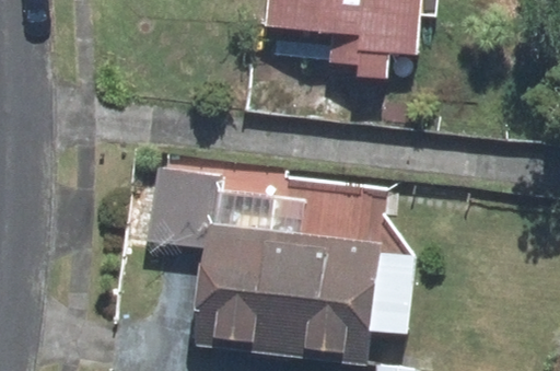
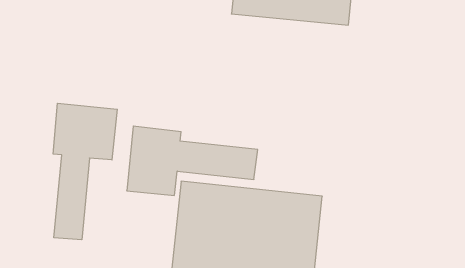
building: none -> [53,103,117,240]

